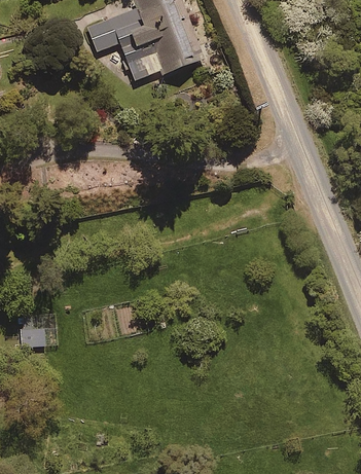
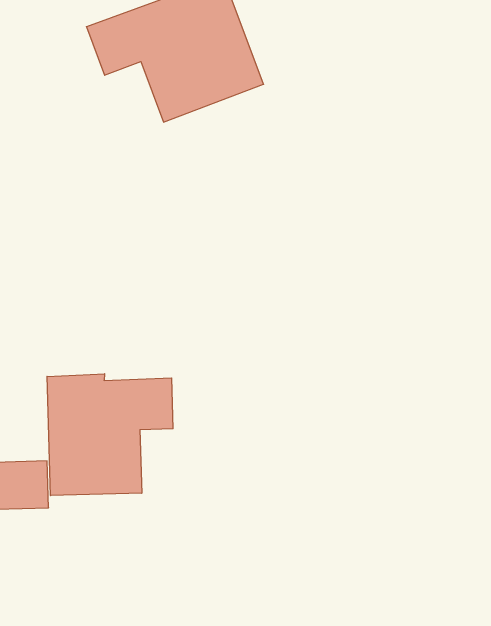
building: none -> [47,374,173,496]

